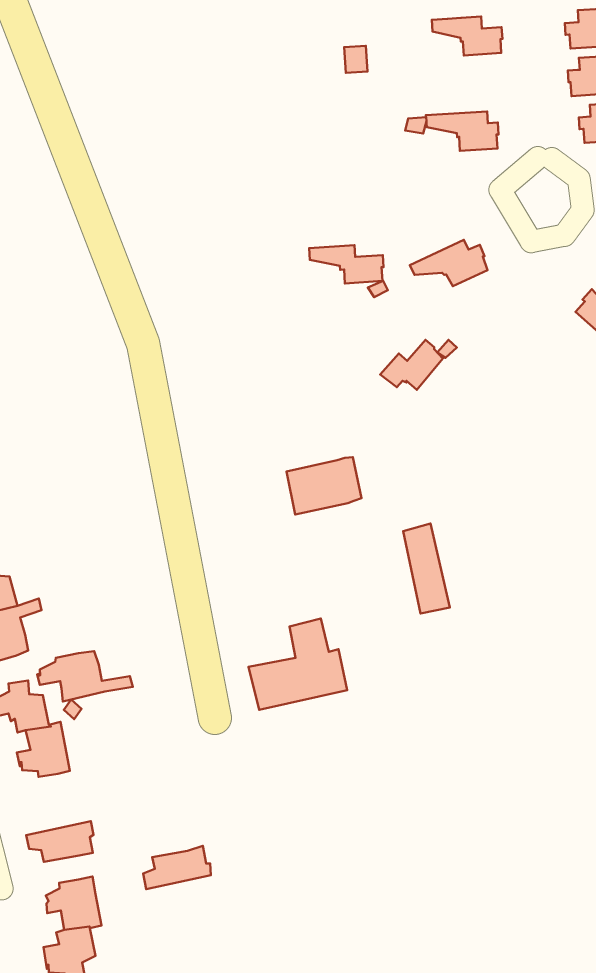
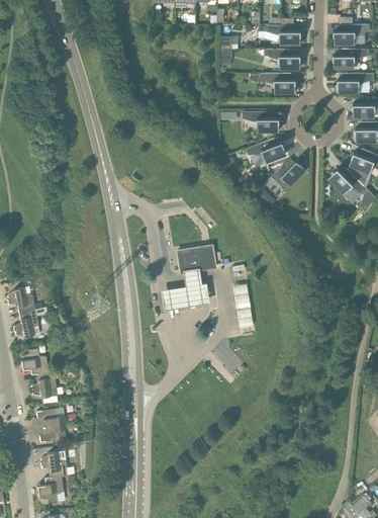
building: none -> [265,50,301,69]
building: [309,245,384,283] -> [243,112,280,132]
building: [380,340,443,390] -> [273,160,305,185]
building: [249,619,347,710] -> [162,266,211,311]
building: [37,651,133,701] -> none
building: [143,846,211,889] -> [31,408,66,428]

